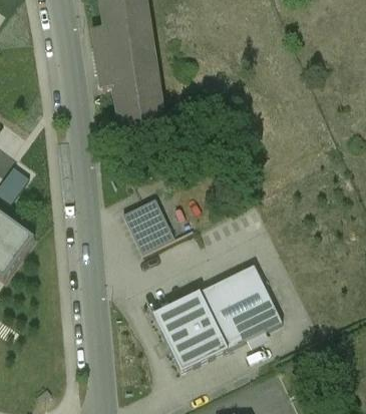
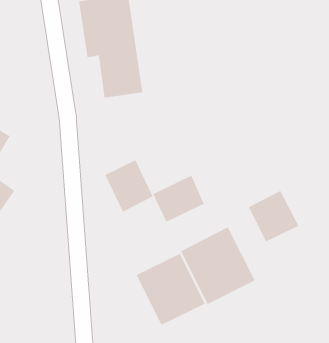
building: none -> [152,175,205,223]
building: none -> [248,190,299,242]

